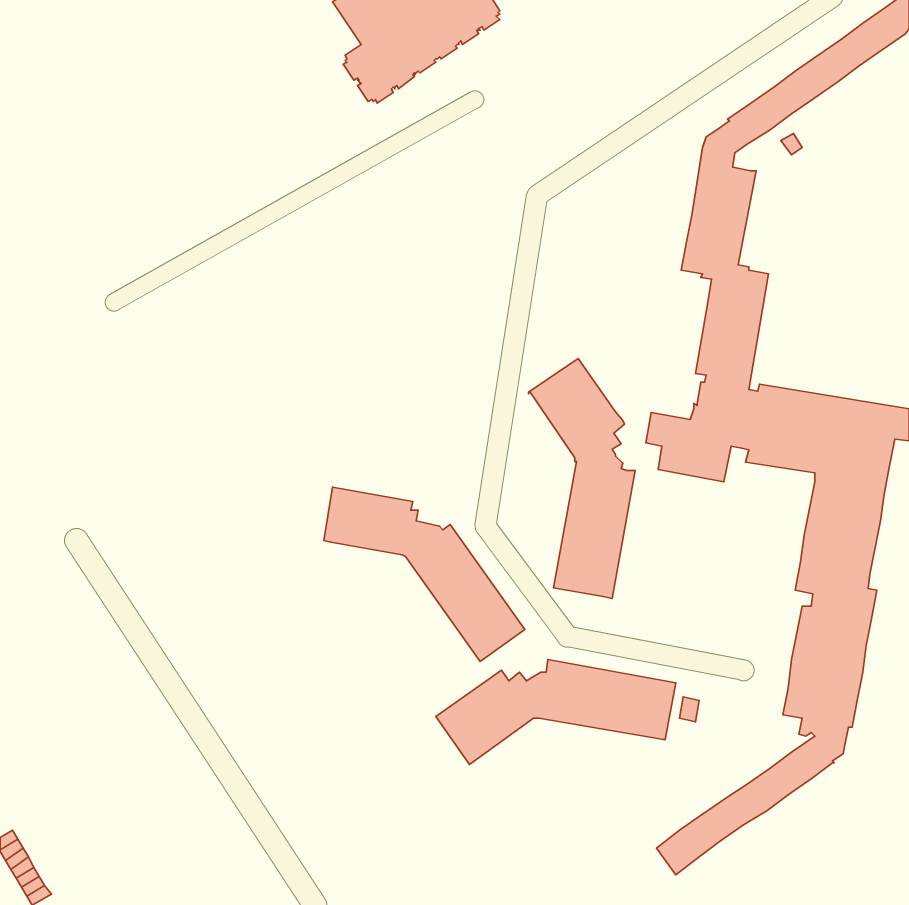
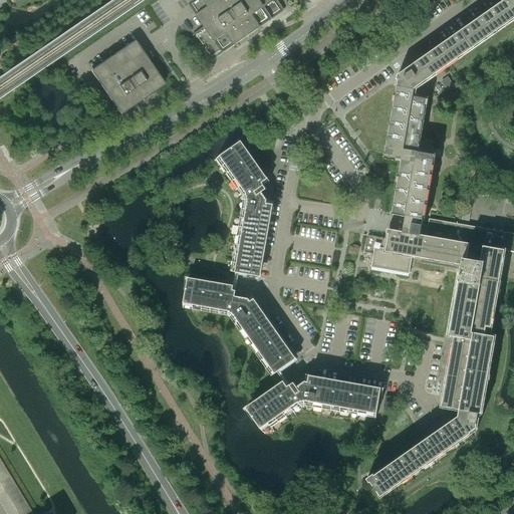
building: none -> [90,38,165,112]
building: [529,358,635,598] -> [214,139,274,274]

